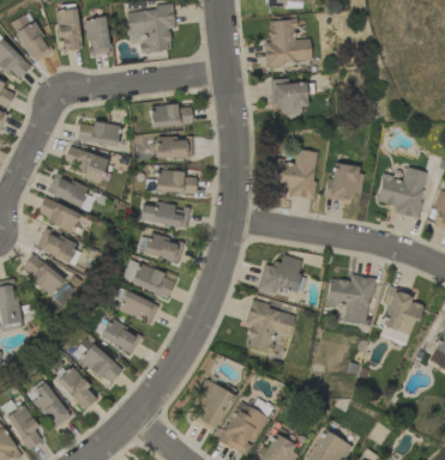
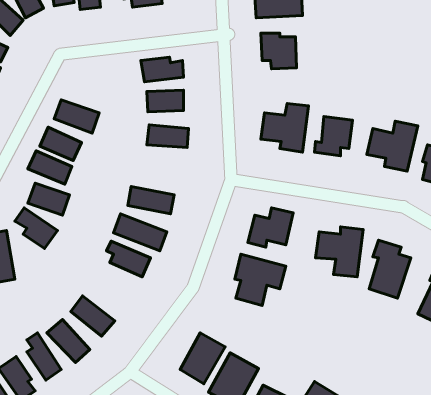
building: [78,120,120,146] -> none
building: [139,201,191,229] -> none
building: [100,317,143,355] -> none

